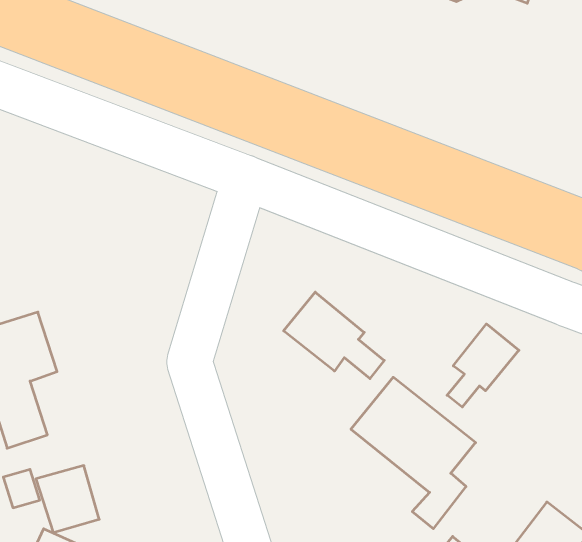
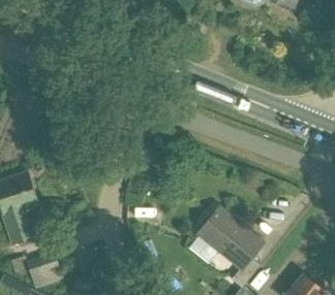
building: [284,292,384,379] -> none
building: [447,324,519,407] -> none

